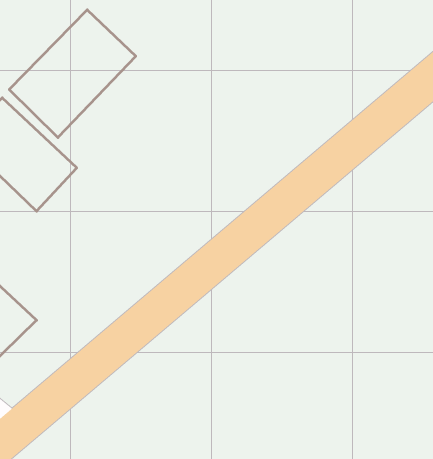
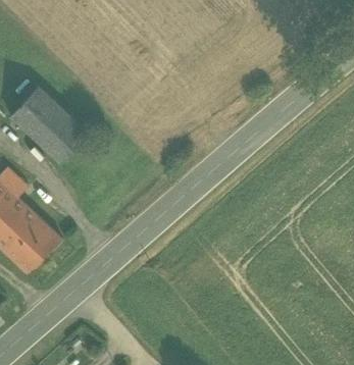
building: [9,10,136,138] -> none

